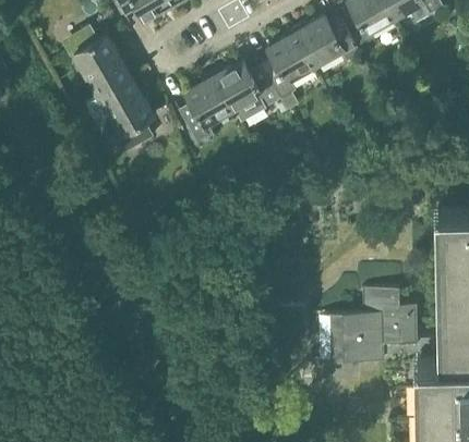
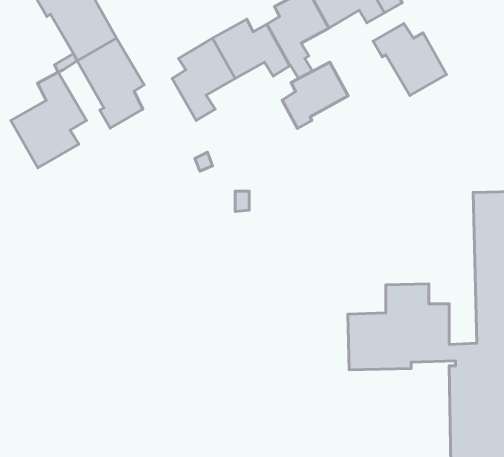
building: none -> [373,24,447,96]
building: none -> [282,62,348,128]
building: none -> [11,72,87,168]

